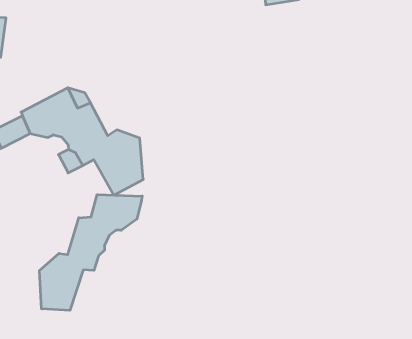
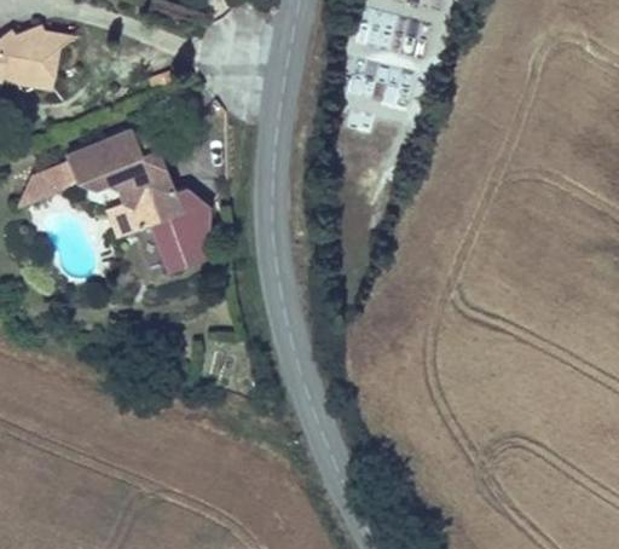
building: [39,195,142,310] -> none

